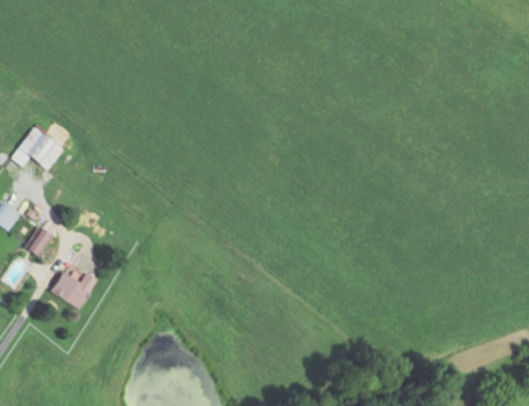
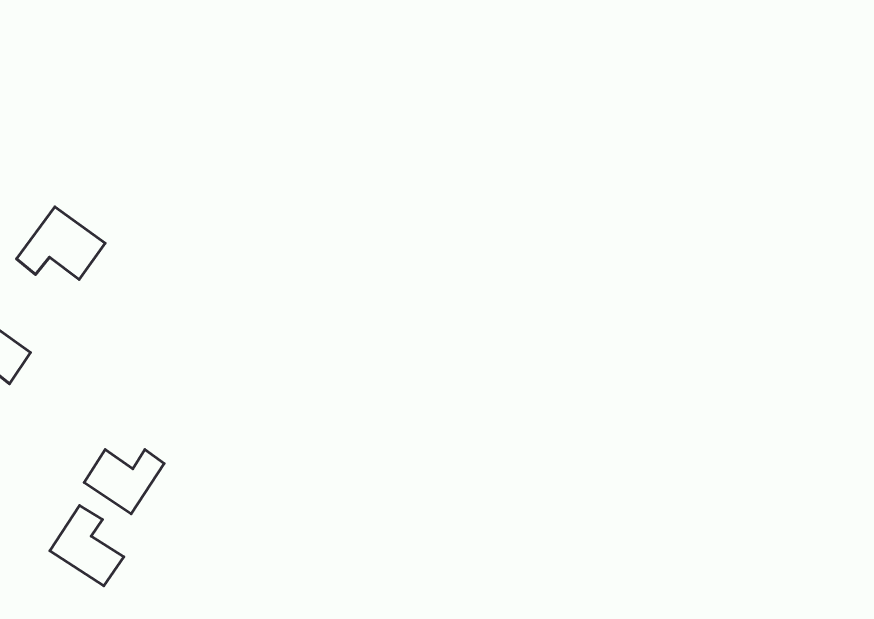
building: [24,225,51,256] -> none
building: none -> [50,506,124,586]

